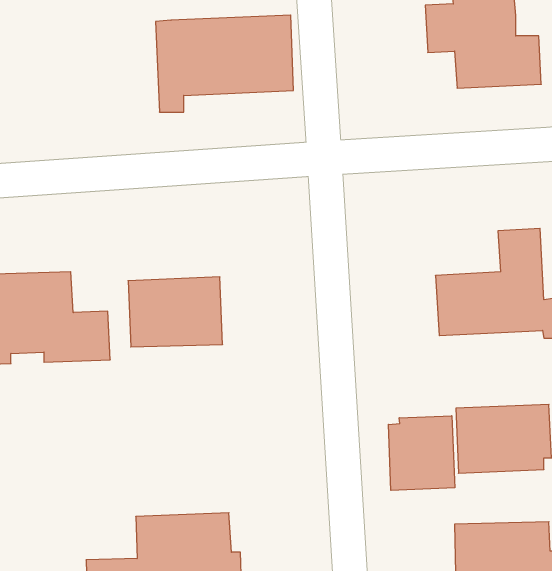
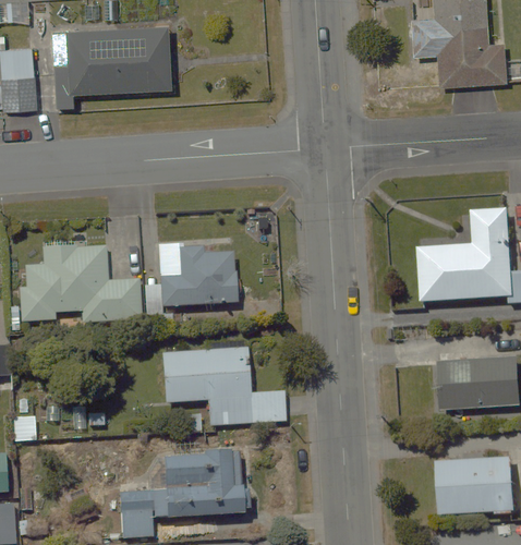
building: [156,15,293,112] -> [51,25,169,108]
building: none -> [162,347,284,426]
building: [388,416,455,490] -> none

